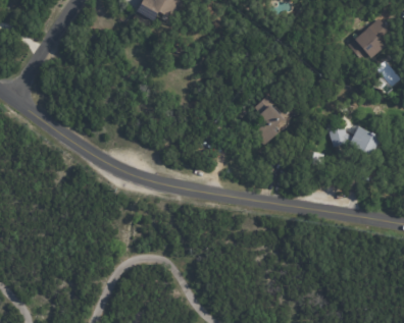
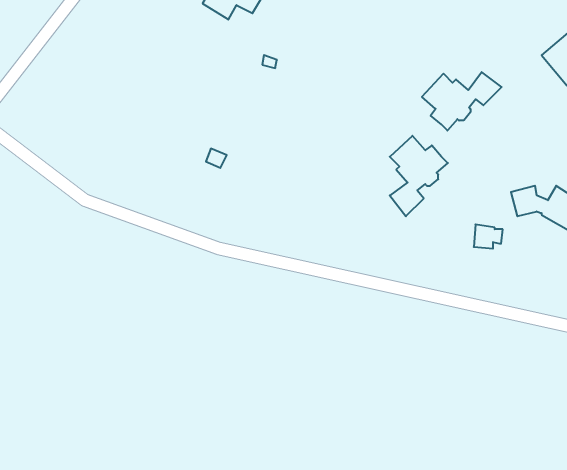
building: none -> [422,72,502,131]

